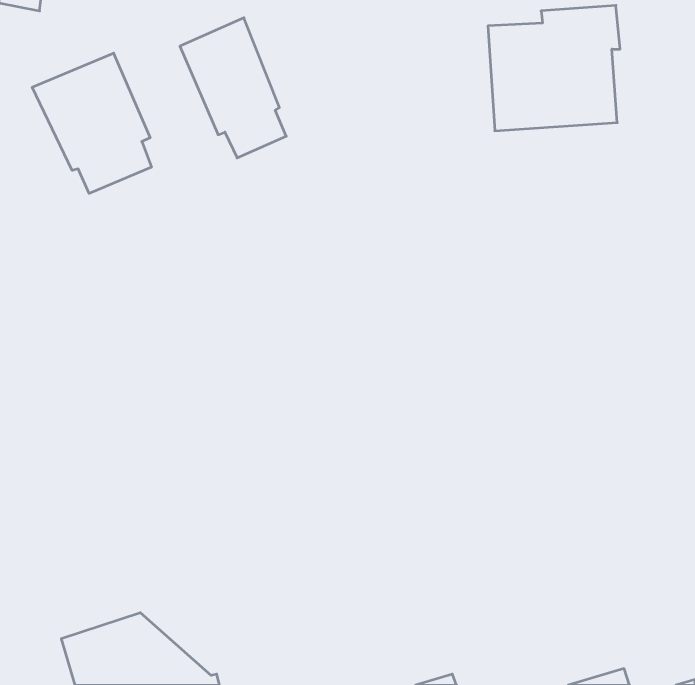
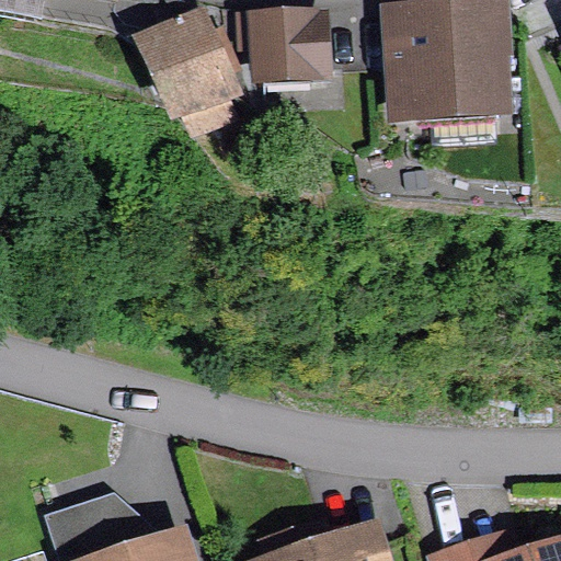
building: none -> [240,10,330,69]
building: [32,53,151,193] -> none

